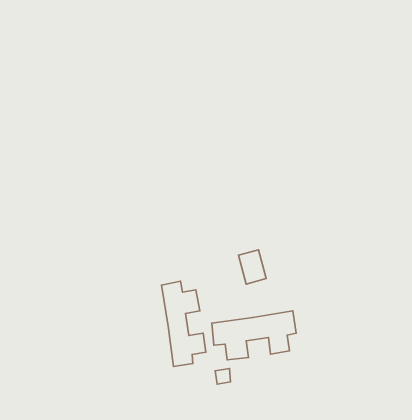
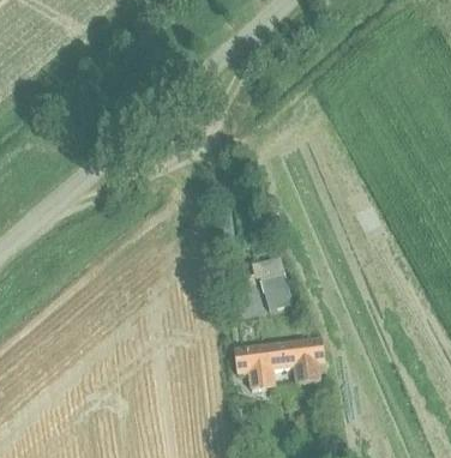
building: [161,281,206,367] -> none

